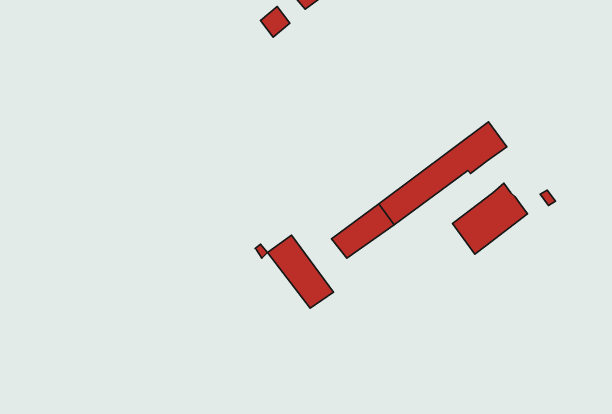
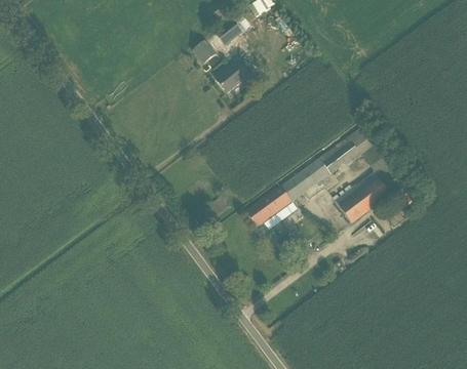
building: none -> [218,60,249,91]
building: [268,235,333,308] -> none

